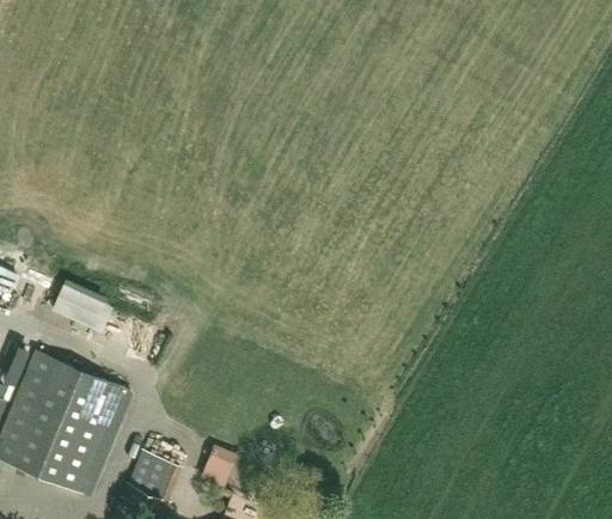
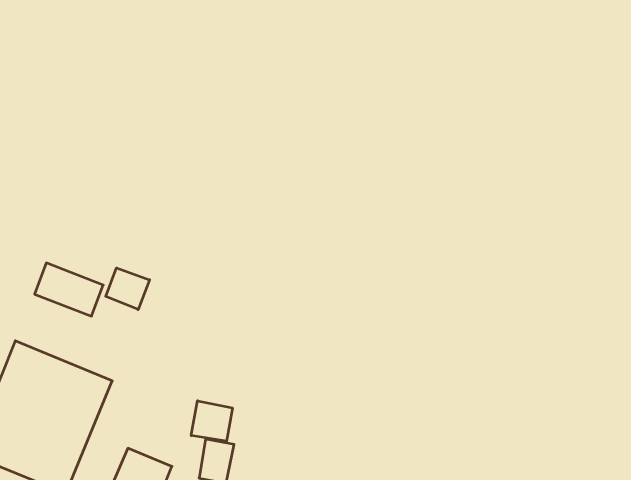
building: none -> [106,268,150,310]
building: none -> [191,401,232,441]

